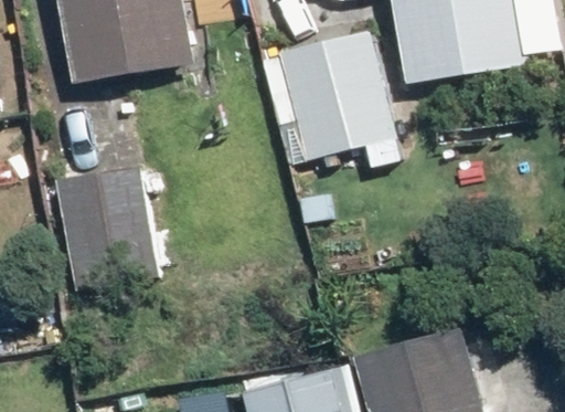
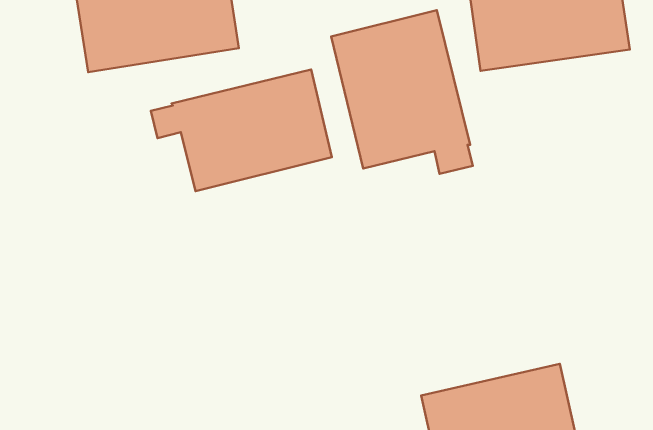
building: none -> [151,69,332,191]
building: [49,158,160,284] -> none

